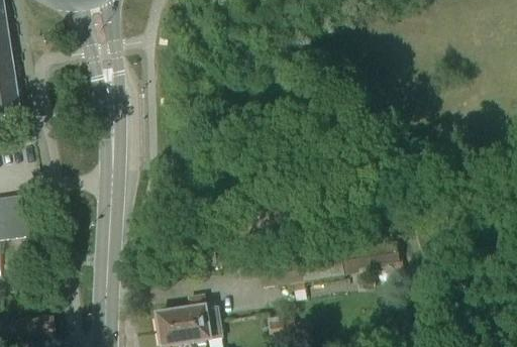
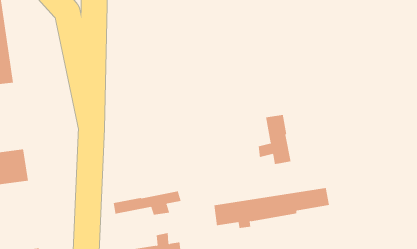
building: none -> [258,114,291,165]
building: none -> [113,191,181,216]

